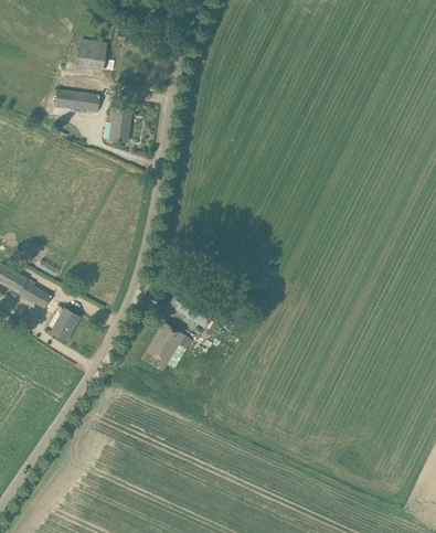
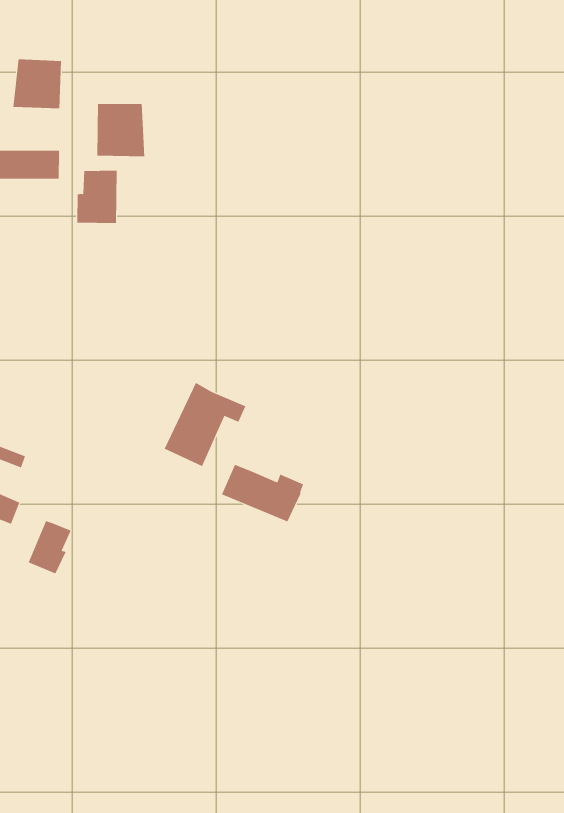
building: none -> [97,103,145,157]
building: [141,321,192,371] -> [164,382,246,467]

